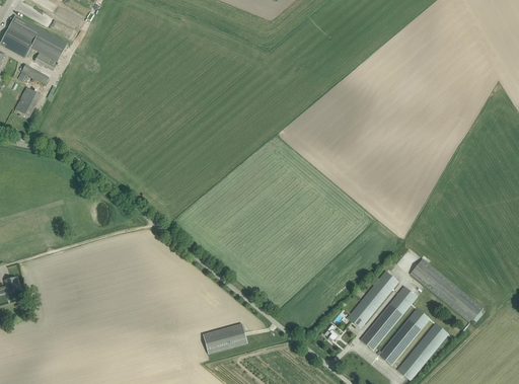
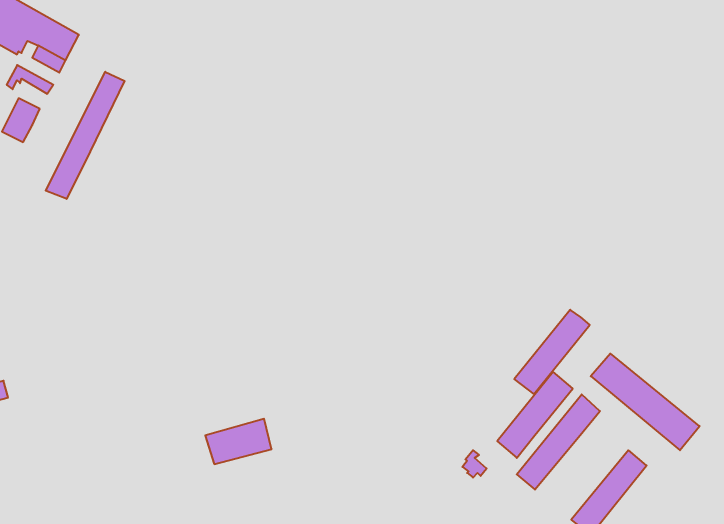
building: none -> [46,72,125,199]
building: [378,308,429,365] -> [514,310,590,394]
building: [202,323,246,354] -> [205,419,272,464]

